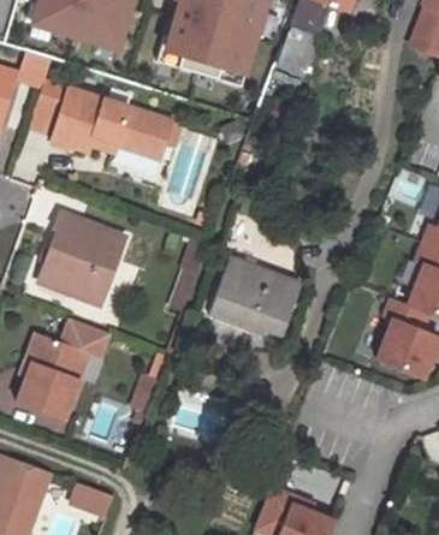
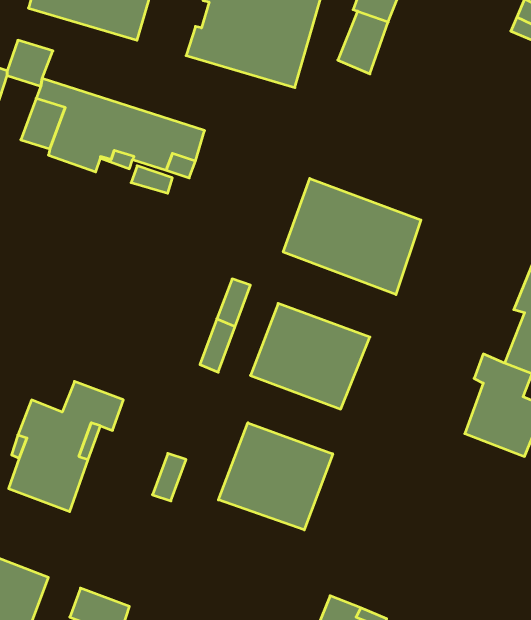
building: none -> [283,178,421,295]
building: [41,213,125,304] -> none
building: none -> [218,423,333,530]

